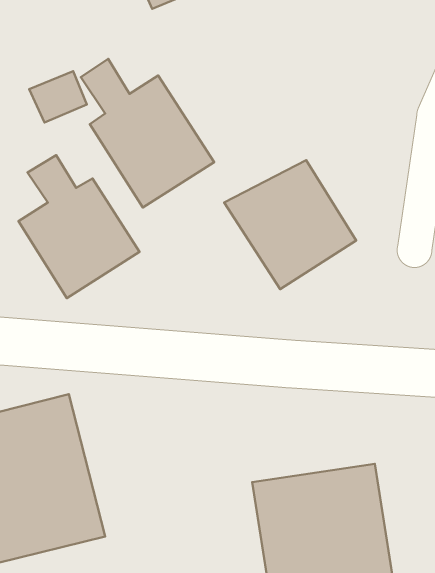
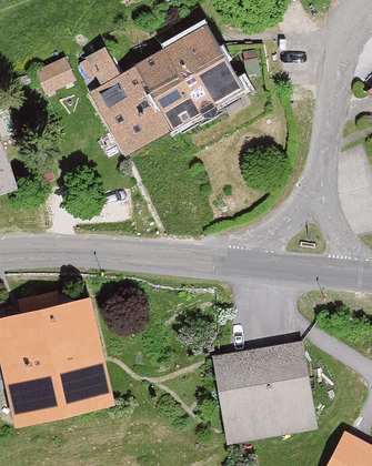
building: [19,155,139,298] -> none
building: [224,160,356,289] -> [145,28,242,122]

